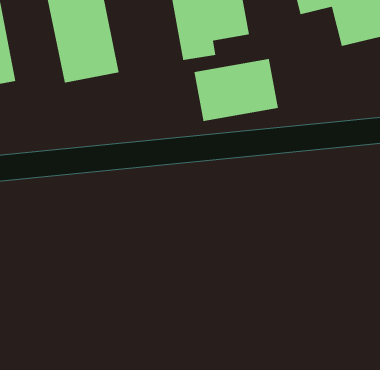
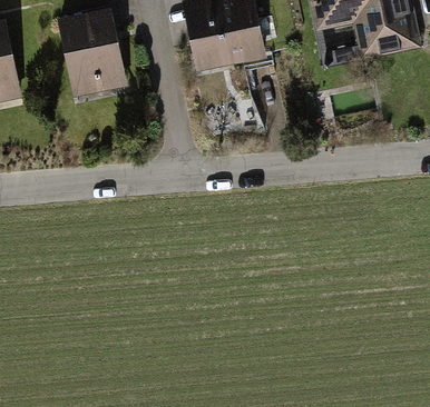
building: [194,58,278,122] -> none

